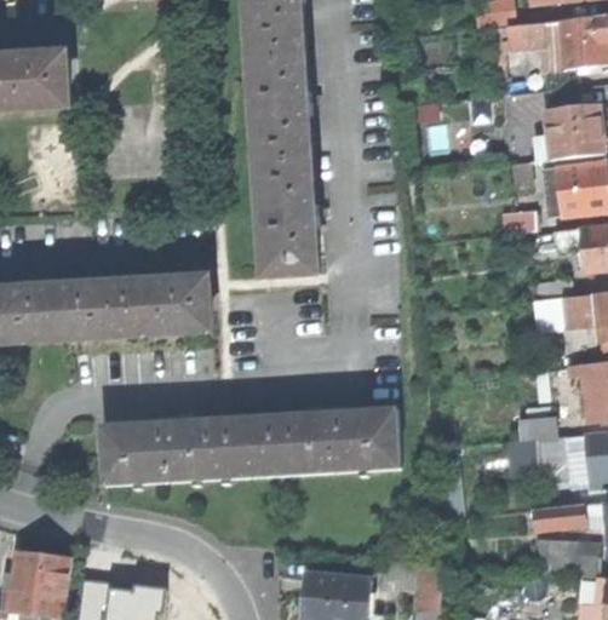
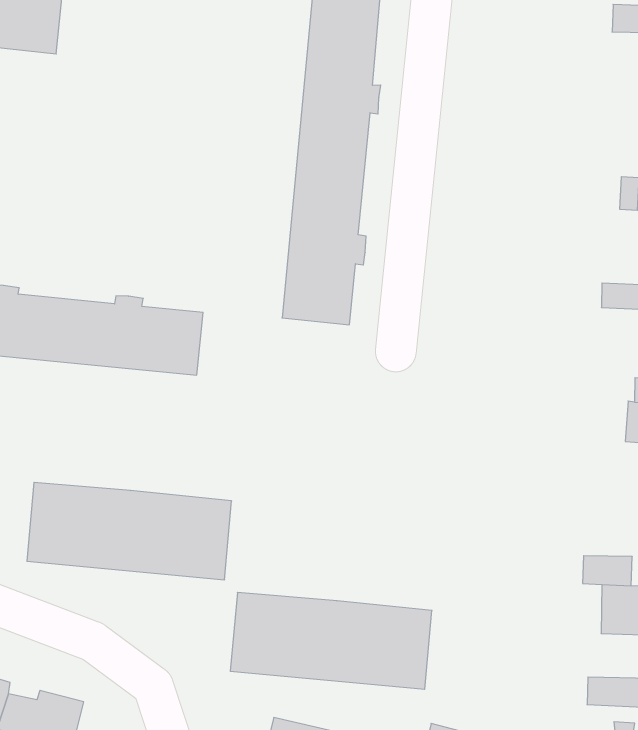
building: [248,409,398,477] -> [230,592,432,689]

